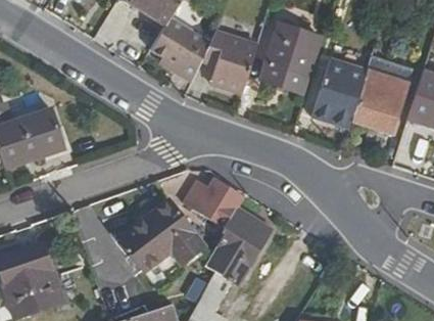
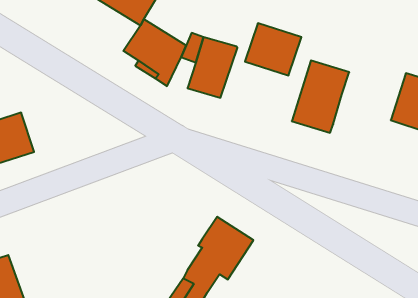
building: [260,59,308,93] -> none
building: [351,68,406,132] -> none
building: [186,183,244,230] -> none
building: [116,201,204,274] -> none

